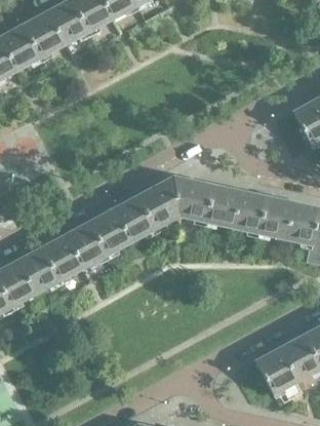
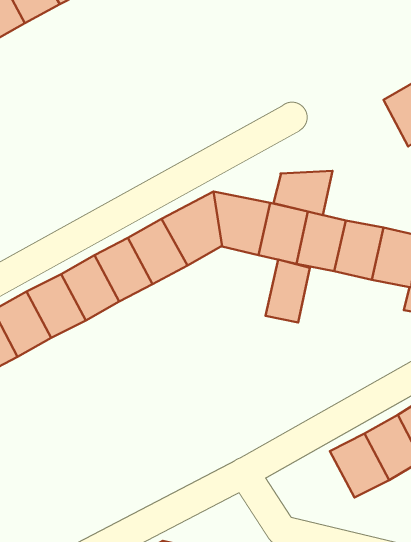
building: none -> [274,171,333,215]
building: none -> [266,260,310,323]

